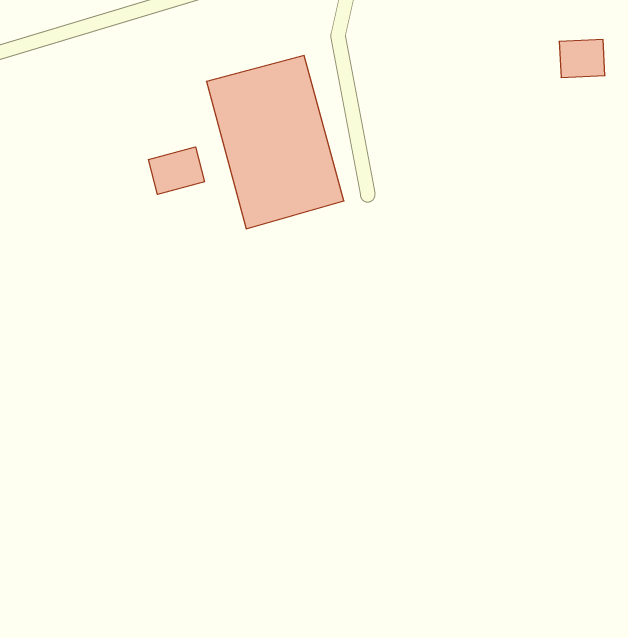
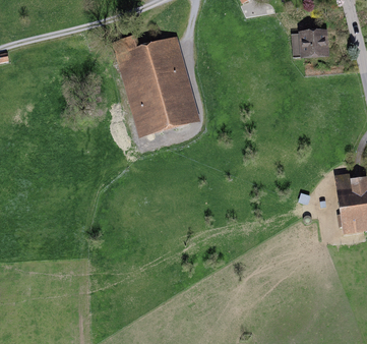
building: [148,147,204,194] -> none

